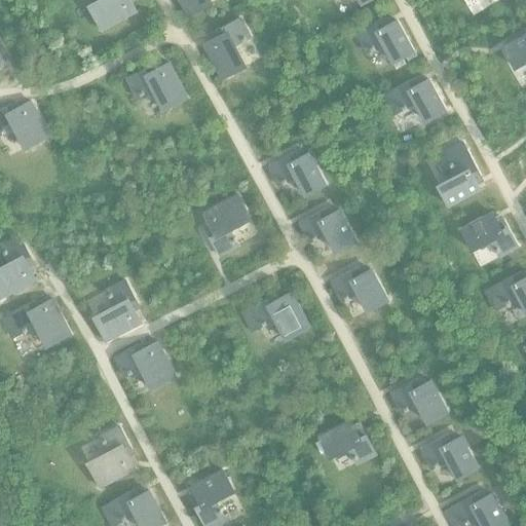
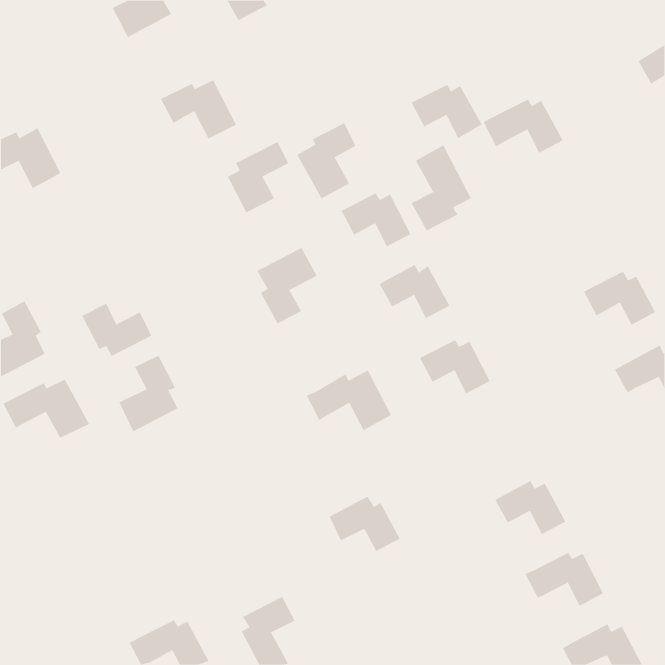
building: [202,18,250,79] -> [296,122,356,199]
building: [356,20,413,63] -> [411,84,482,139]
building: none -> [227,141,289,213]
building: none -> [411,144,471,231]
building: [438,143,481,205] -> none
building: none -> [81,303,152,357]
building: [115,341,176,389] -> none
building: [320,420,376,464] -> [329,496,400,552]
building: [87,426,136,487] -> none

